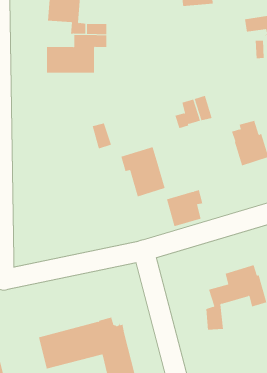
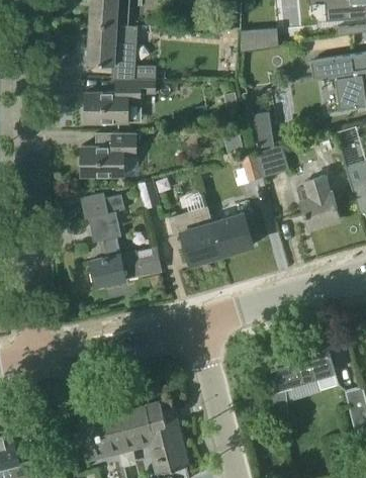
building: none -> [252,109,272,145]
building: none -> [80,133,134,177]
building: none -> [80,194,162,286]
building: [166,189,203,227] -> [212,212,255,255]

